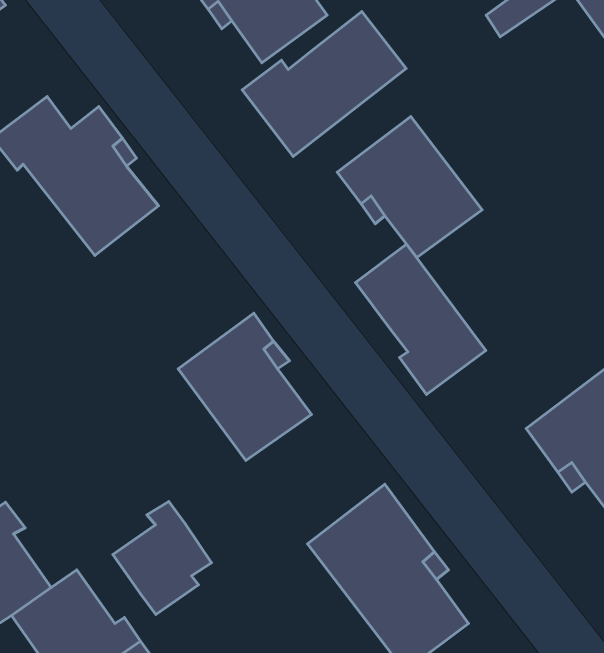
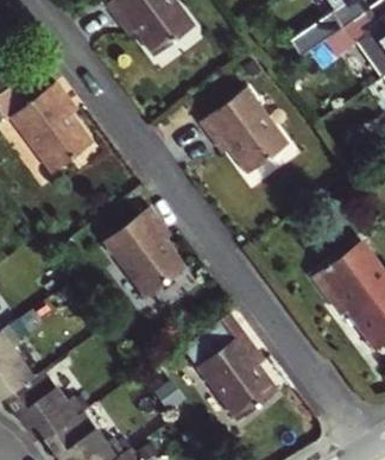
building: [242,12,406,156] -> none
building: [355,244,486,394] -> none
building: [113,501,211,614] -> none

